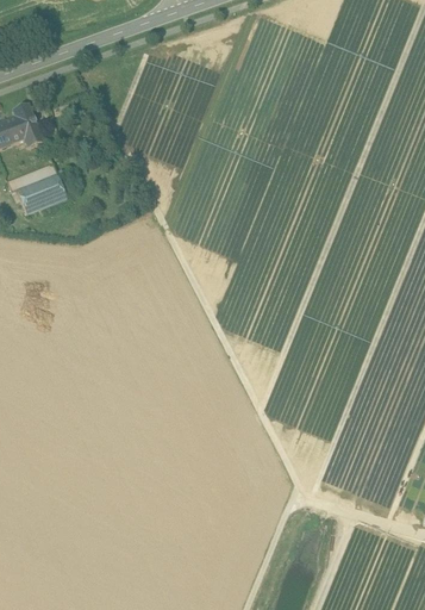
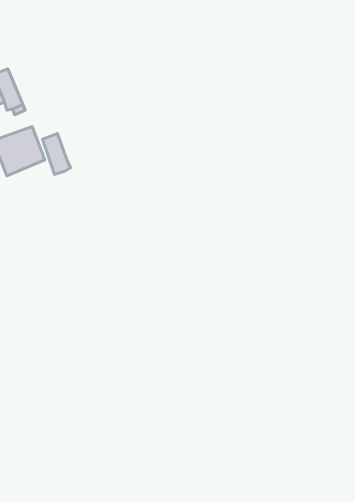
building: none -> [43,134,71,174]

